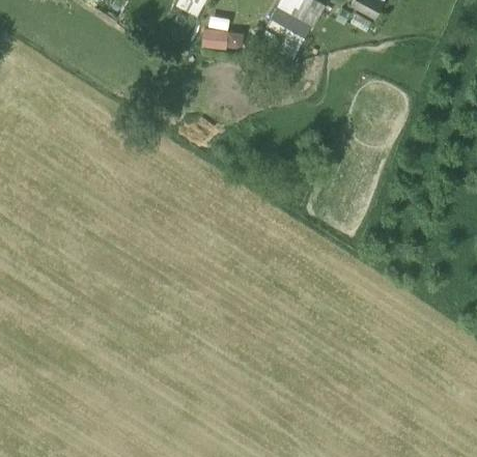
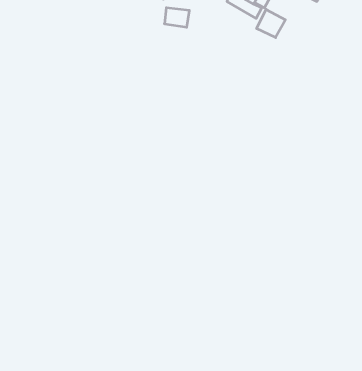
building: none -> [257,9,285,38]

